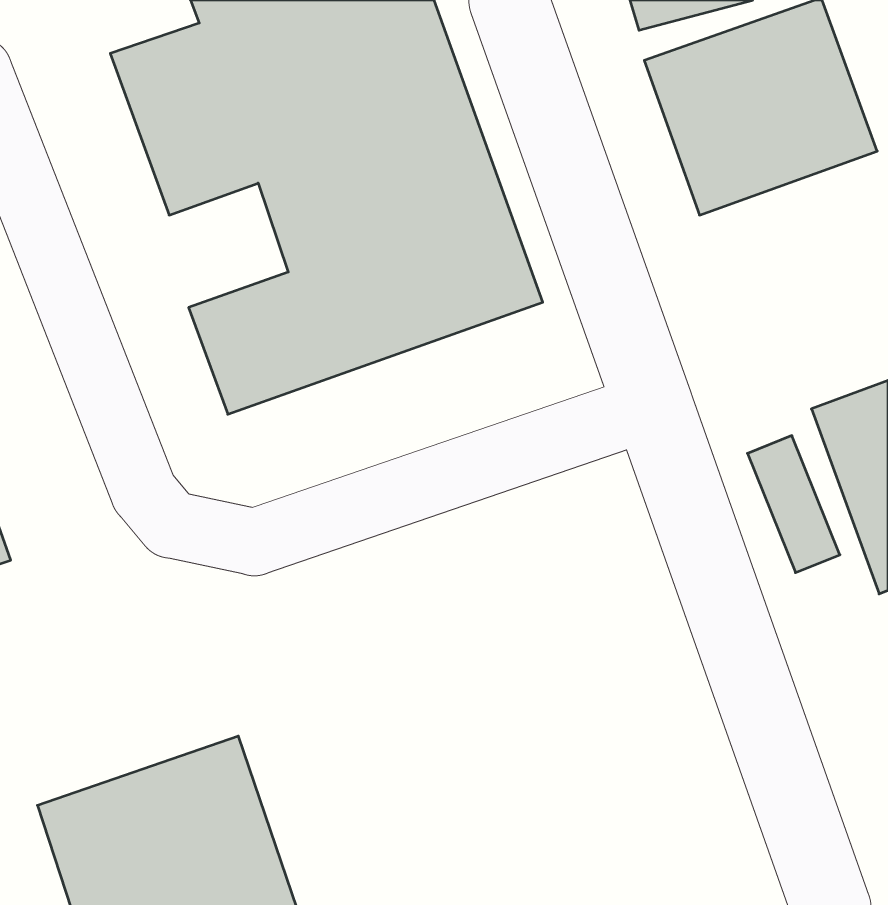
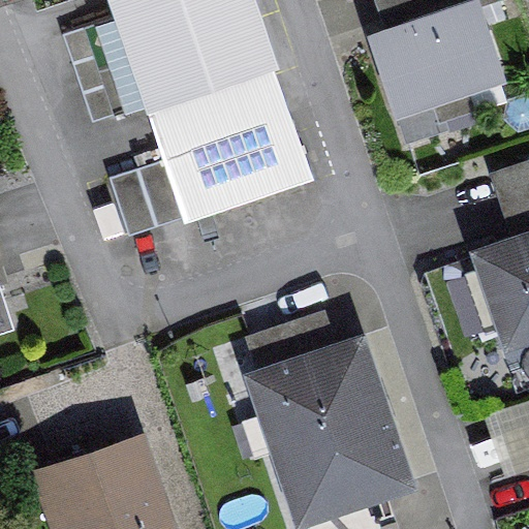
building: none -> [245,321,413,518]

